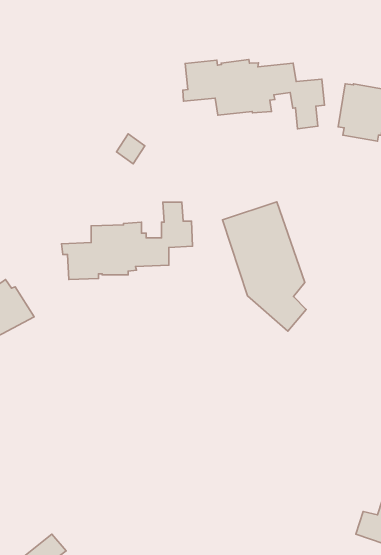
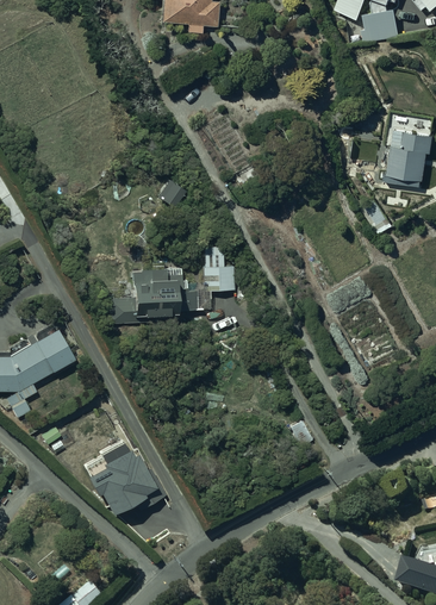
building: [183,59,325,129] -> none
building: [222,202,306,331] -> none
building: none -> [85,439,166,514]

